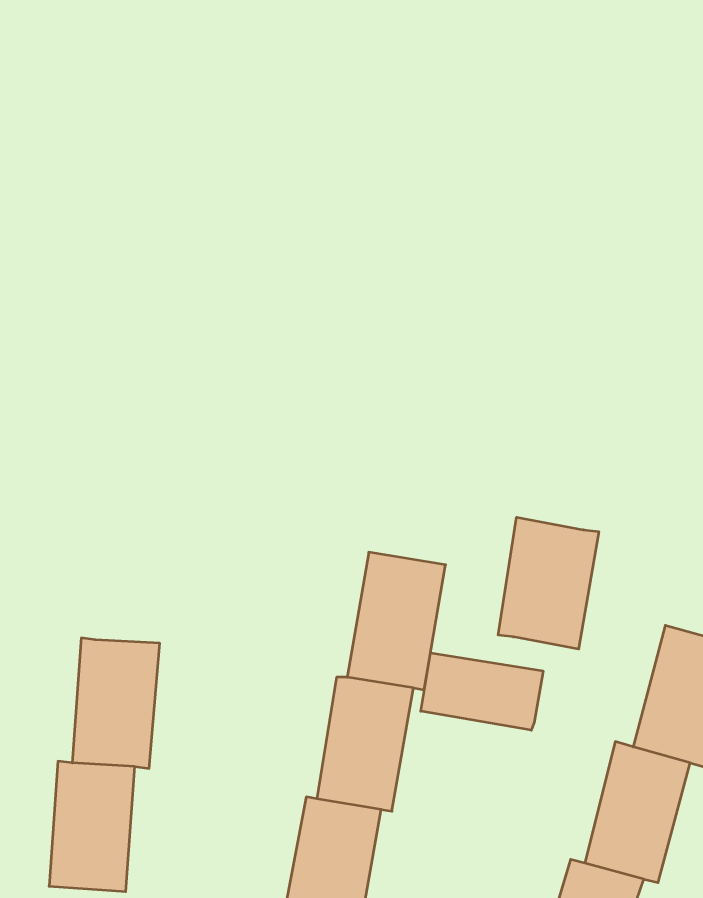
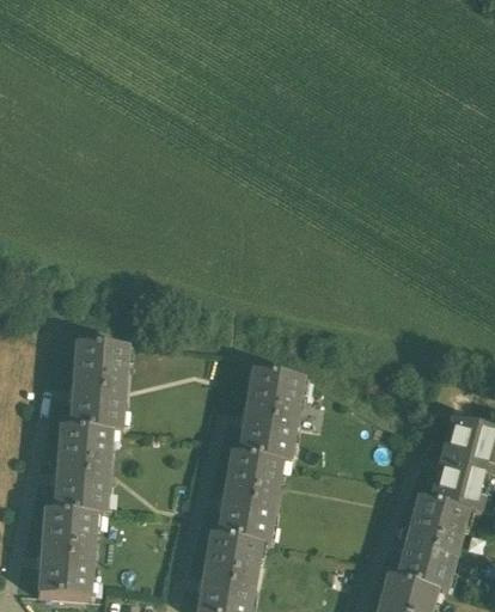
building: none -> [69,345,128,434]
building: [498,517,599,649] -> none
building: [421,653,543,730] -> none

